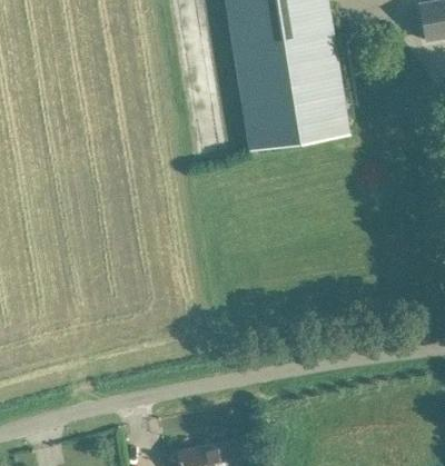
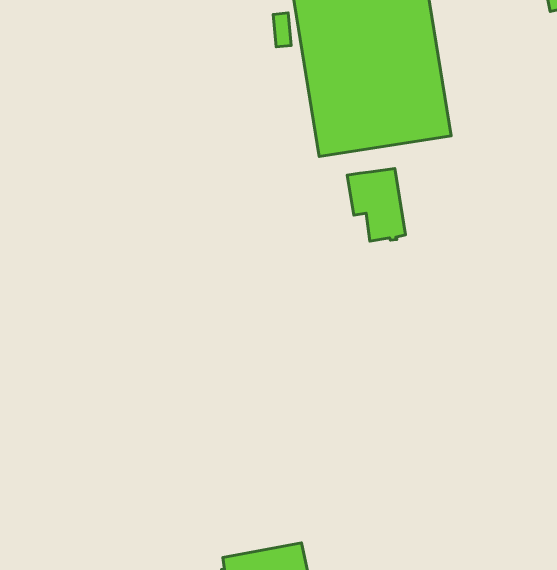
building: none -> [347,168,406,241]

